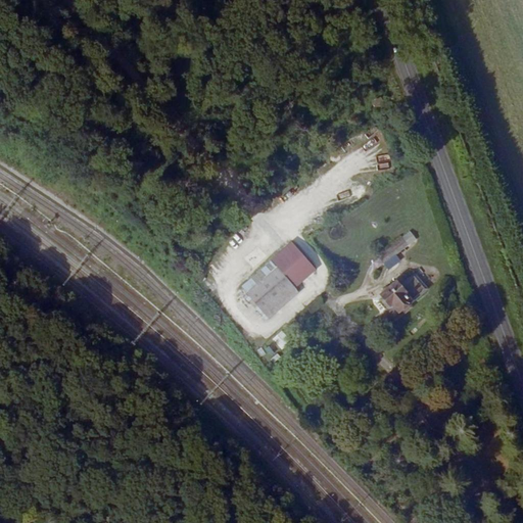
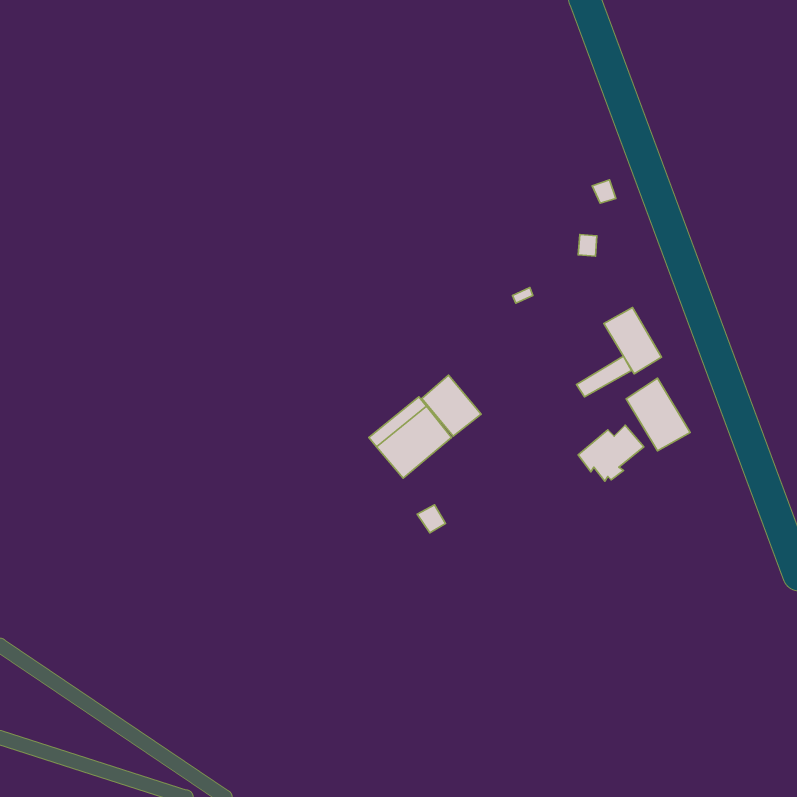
building: none -> [604,307,661,374]
building: none -> [626,378,690,451]

